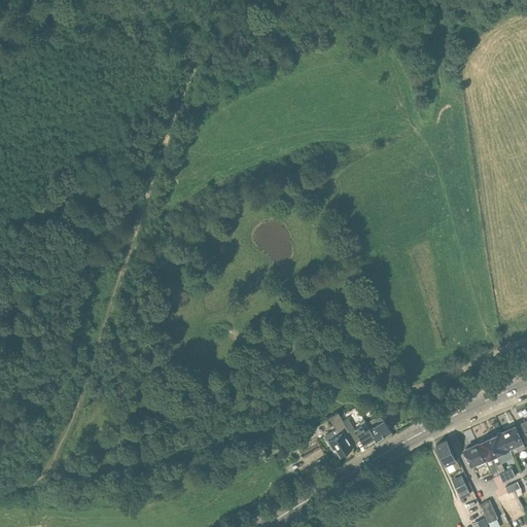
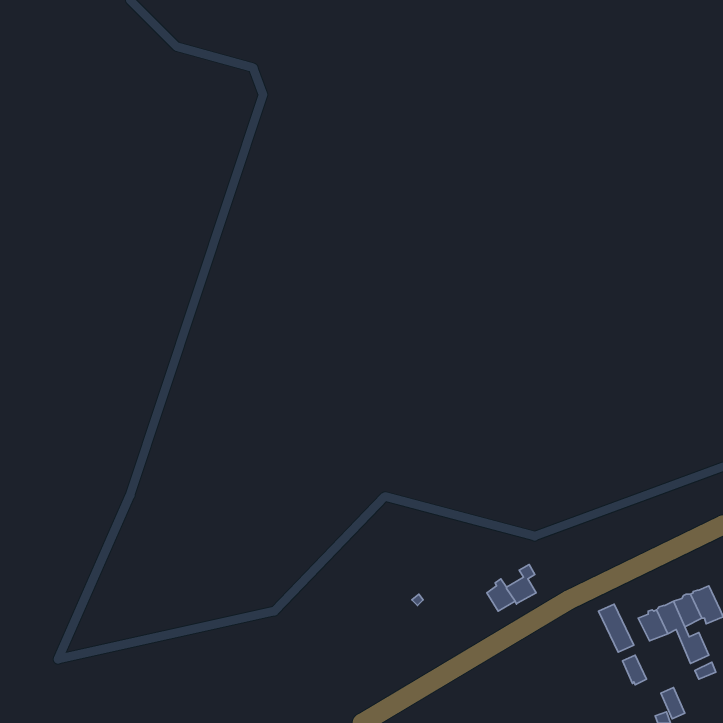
building: [324,413,352,456] -> none

